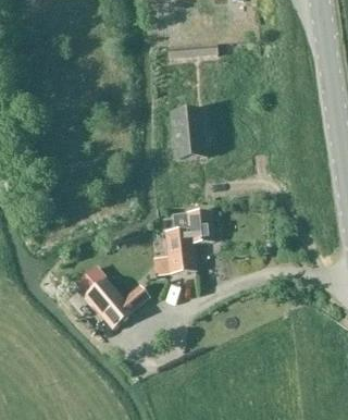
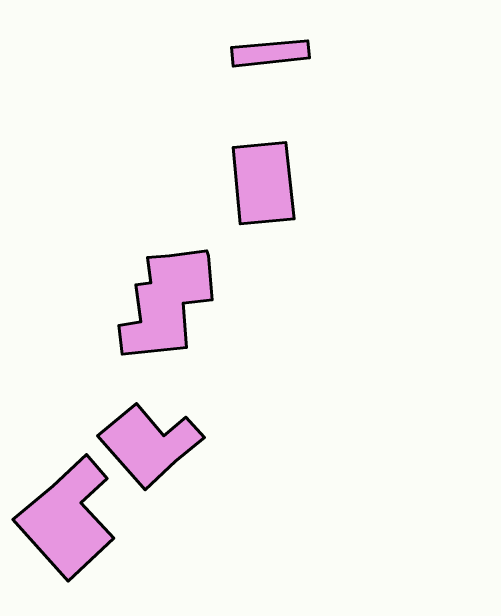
building: [152,207,212,273] -> [119,251,212,354]
building: none -> [13,454,114,581]

